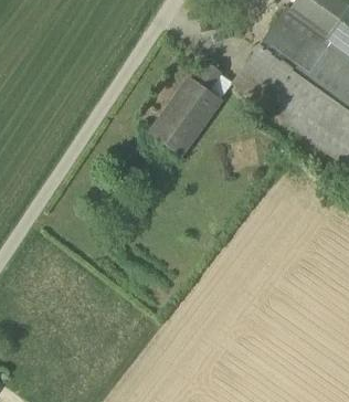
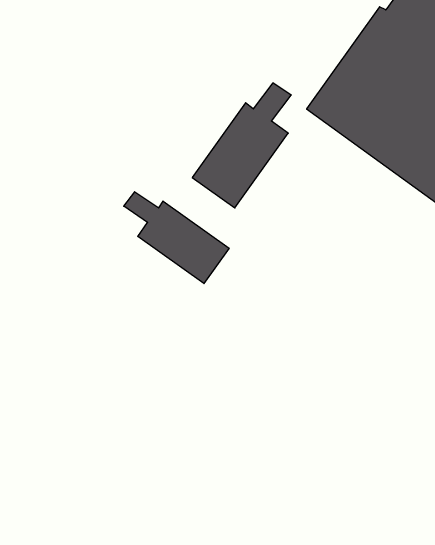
building: none -> [124,192,229,284]

